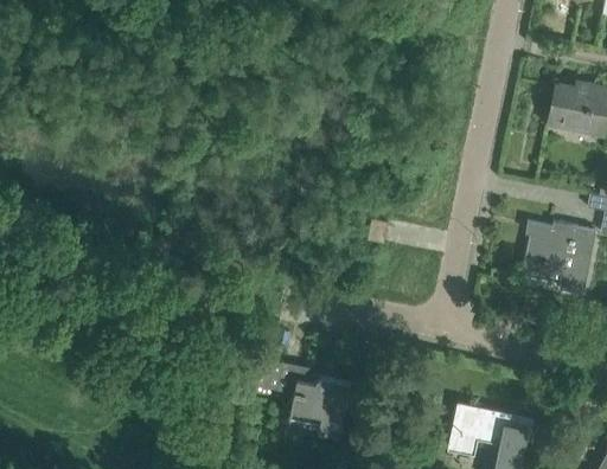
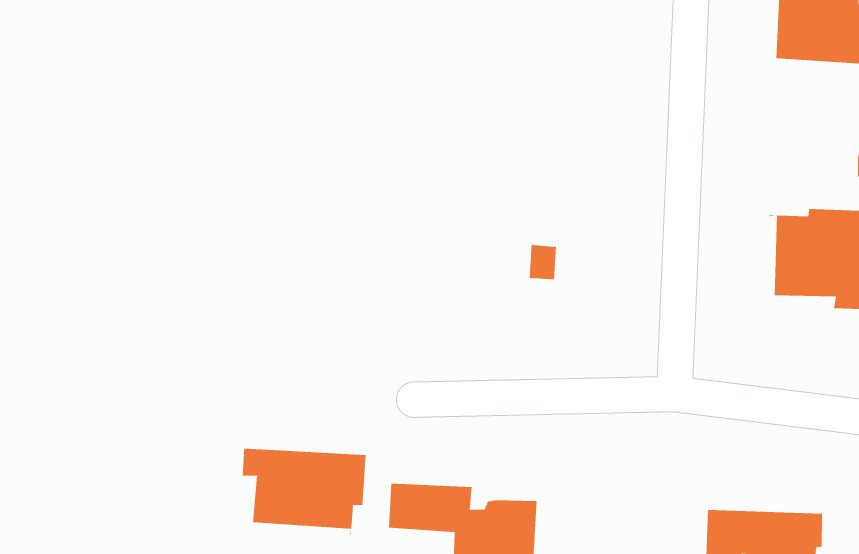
building: none -> [242,448,366,535]

